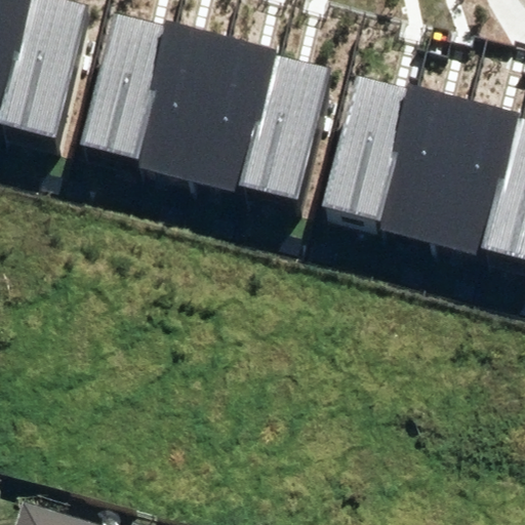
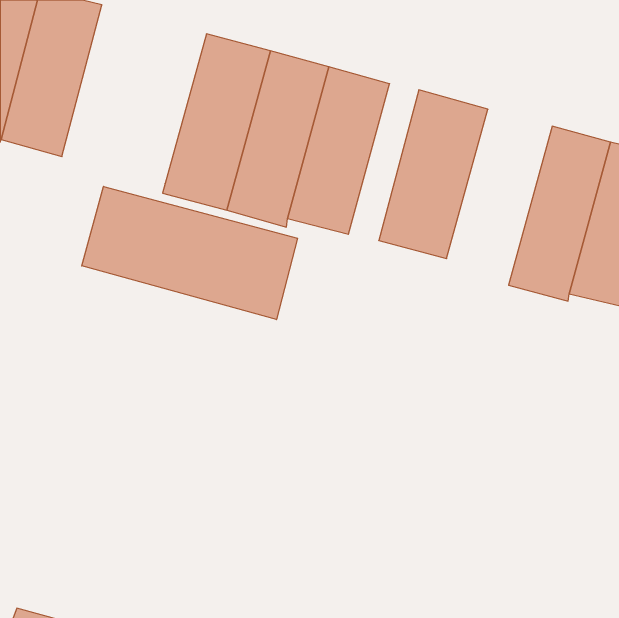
building: [83,15,175,157] -> none
building: [376,94,468,243] -> none
building: none -> [82,186,298,320]

